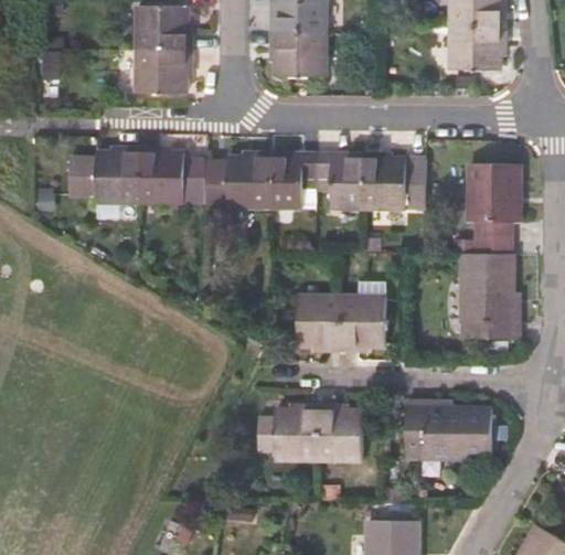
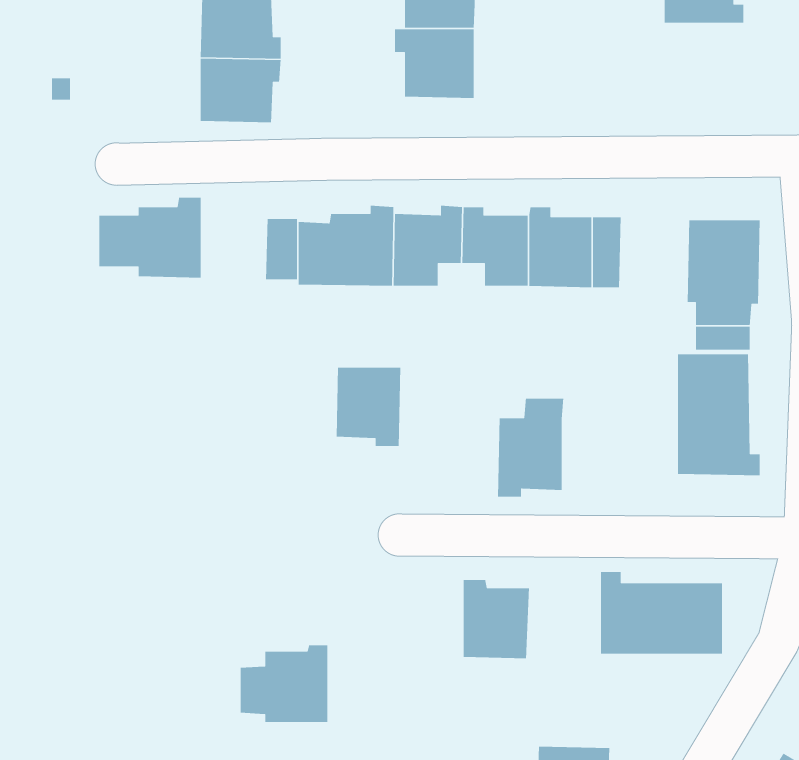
building: [451,30,507,75] -> none
building: [140,147,184,203] -> none
building: [297,296,341,350] -> [336,367,401,447]
building: [257,405,317,458] -> [240,644,328,723]

